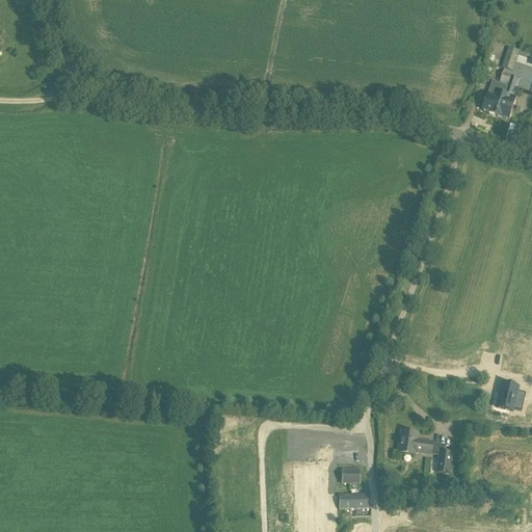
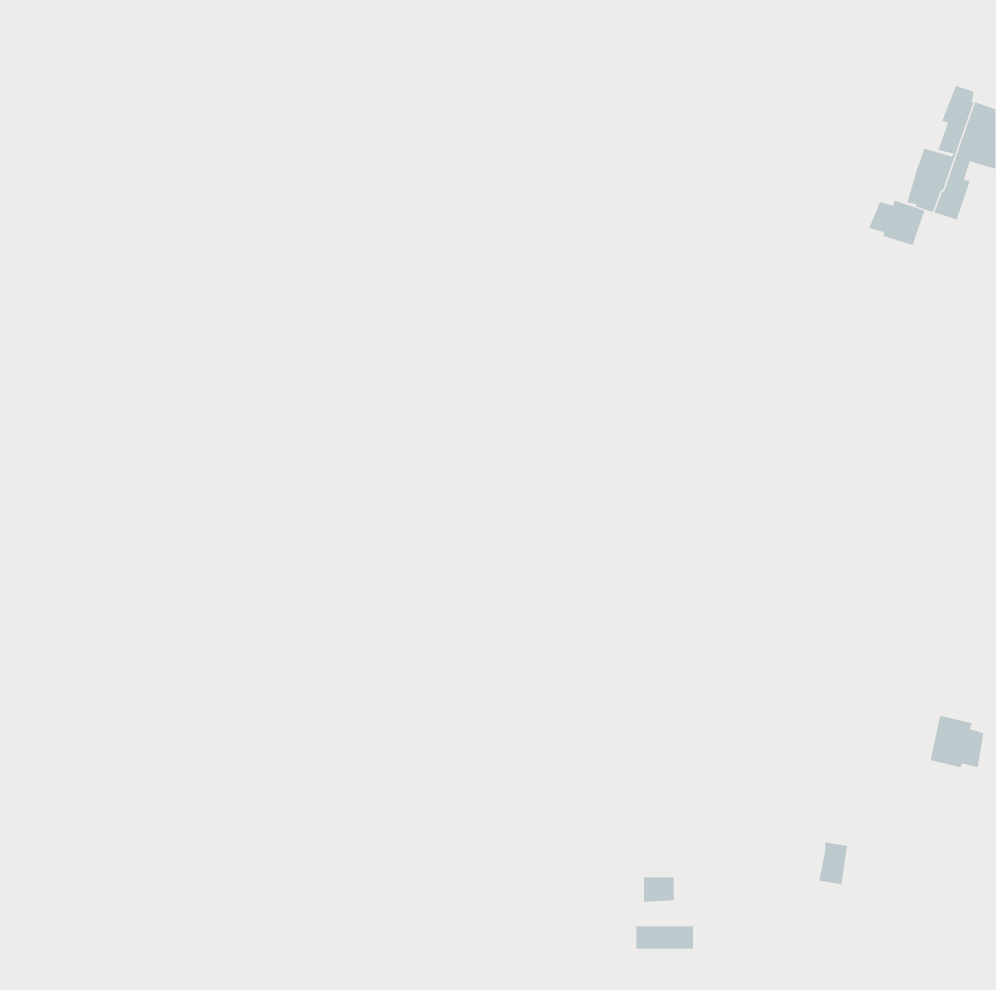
building: none -> [869,200,925,246]
building: [398,428,432,453] -> none

